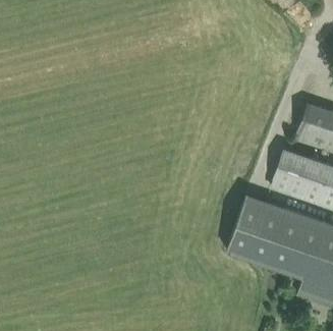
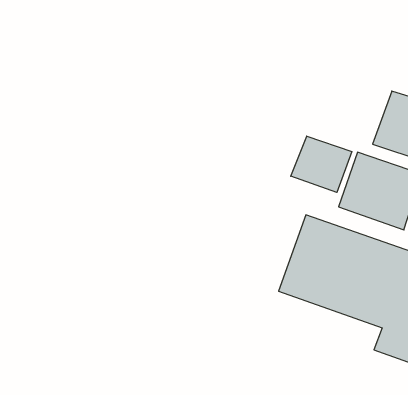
building: none -> [291,136,352,192]

